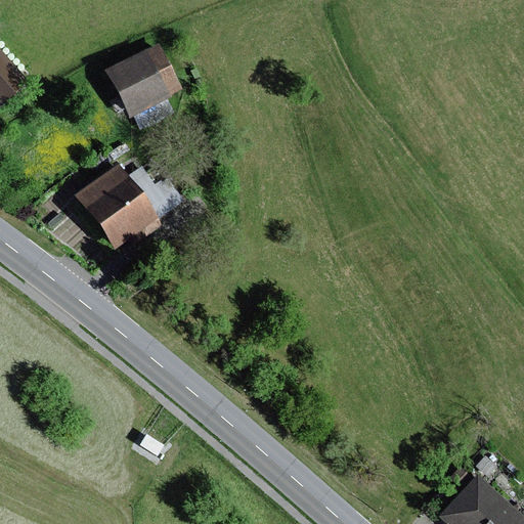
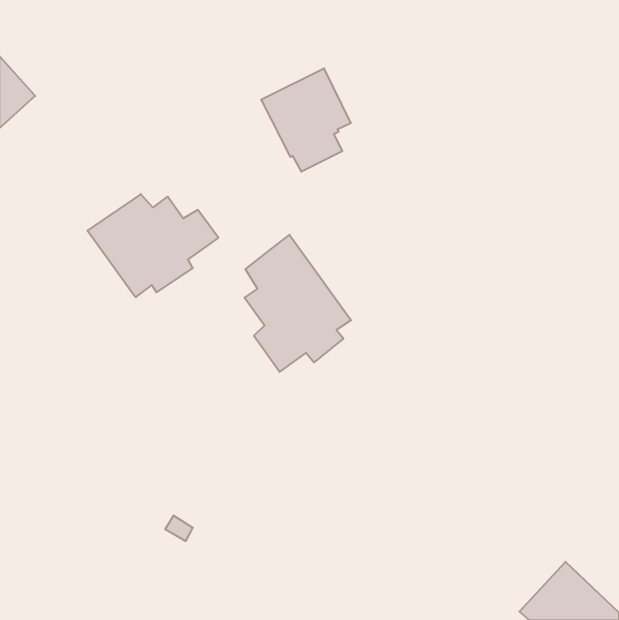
building: [105,44,181,131] -> [261,68,351,172]
building: none -> [244,235,351,372]

